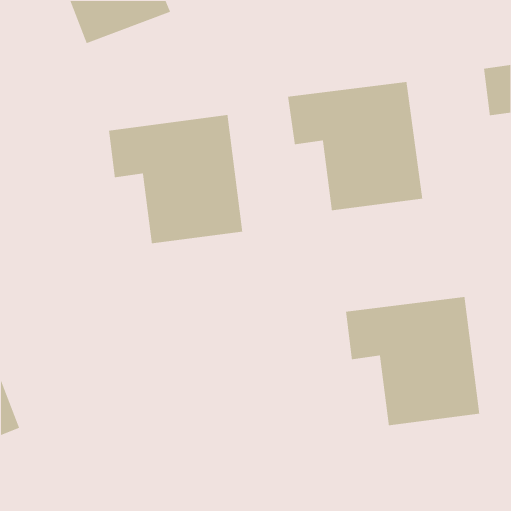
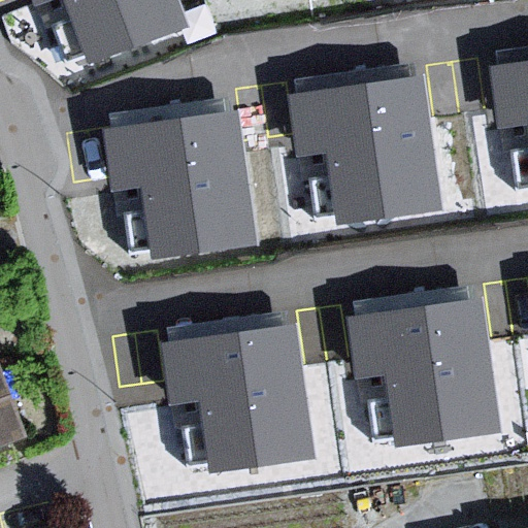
building: none -> [169,332,308,465]

